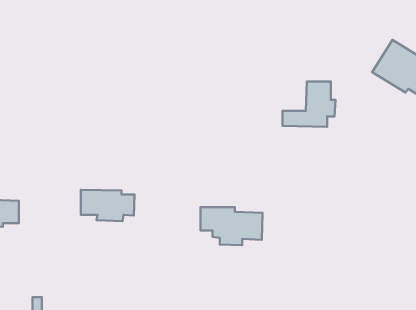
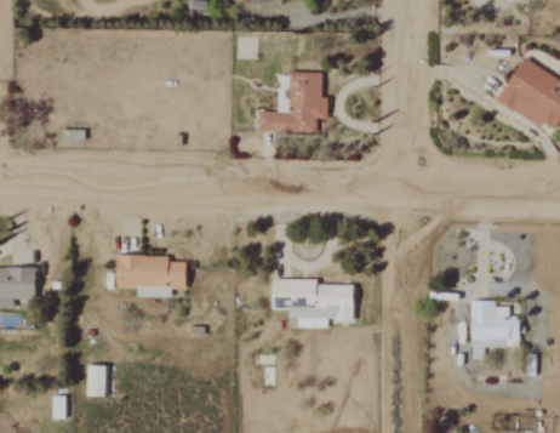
building: [283,81,335,127] -> [259,73,328,132]
building: none -> [472,300,520,357]
building: none -> [87,365,110,393]

